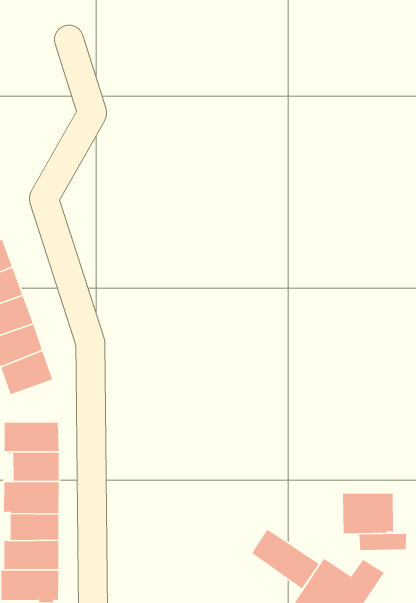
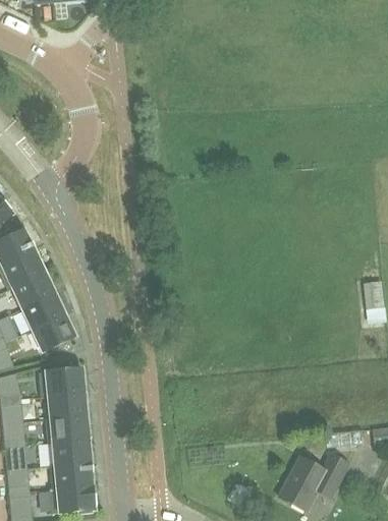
building: [342,493,394,534] -> none
building: [251,529,320,590] -> none

